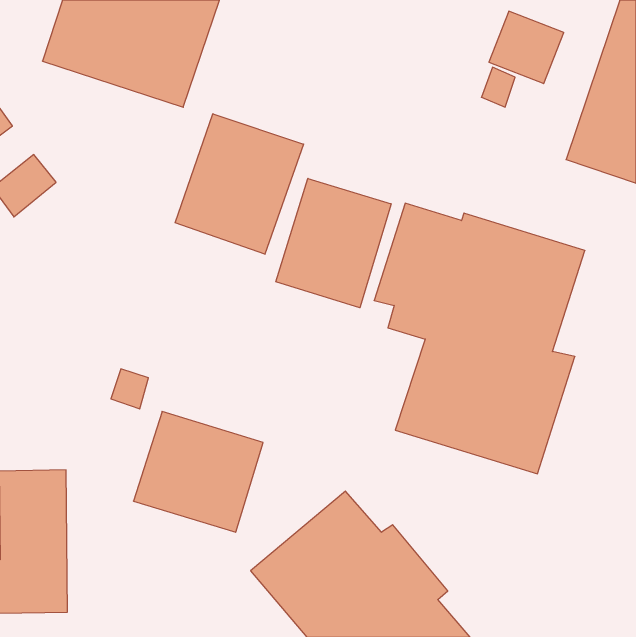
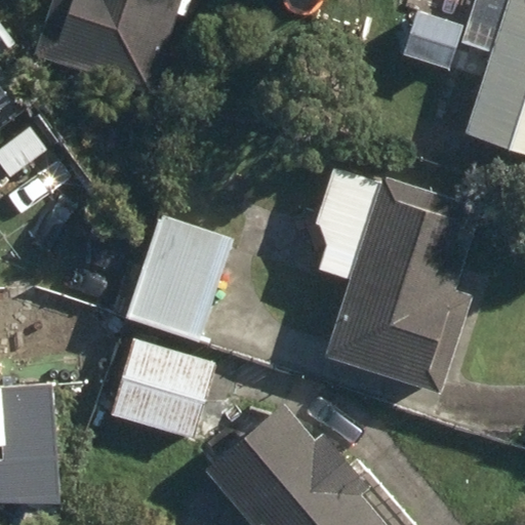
building: [175,114,304,254] -> none
building: [276,178,391,308] -> none
building: none -> [125,214,234,342]

